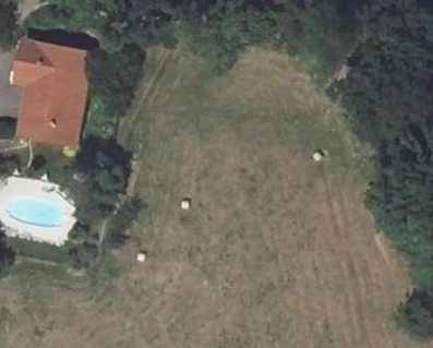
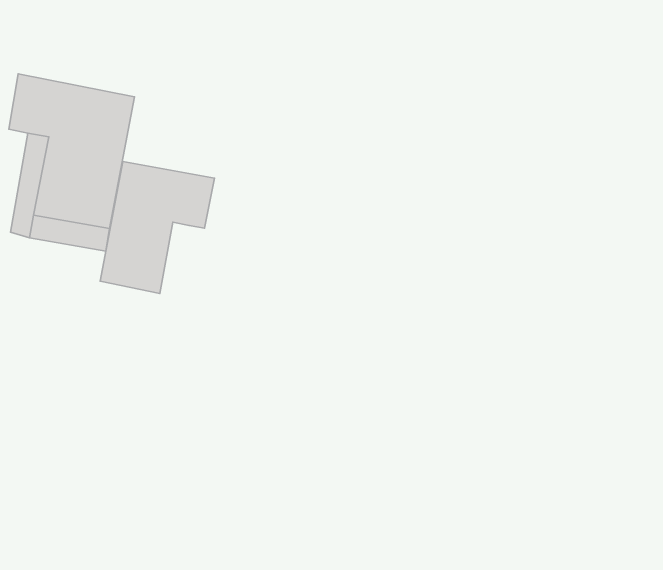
building: none -> [100,162,215,293]

